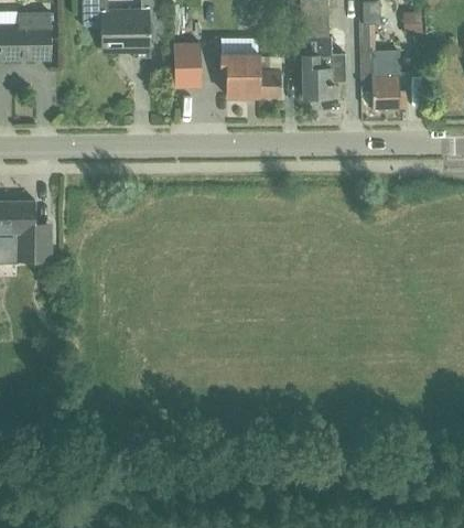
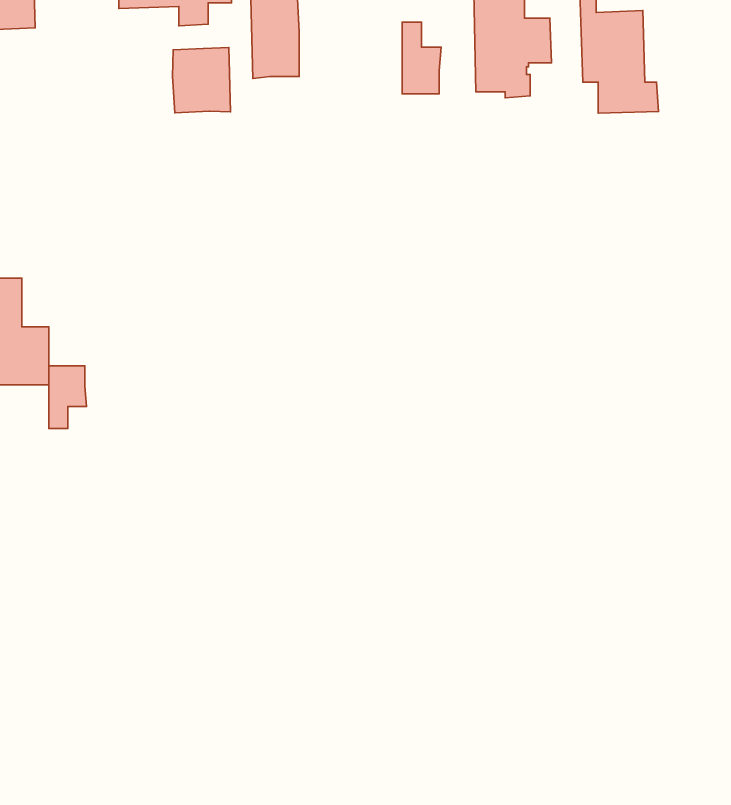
building: [222,54,260,97] -> none
building: none -> [172,47,230,113]
building: none -> [49,366,87,428]

